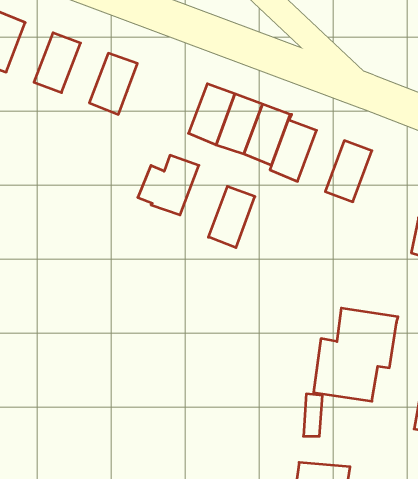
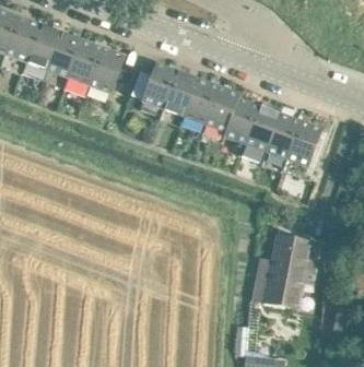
building: none -> [24,23,59,68]
building: none -> [66,38,101,83]
building: none -> [284,119,320,165]
building: [138,155,199,215] -> [129,61,175,106]
building: [208,186,255,248] -> [243,104,278,150]

